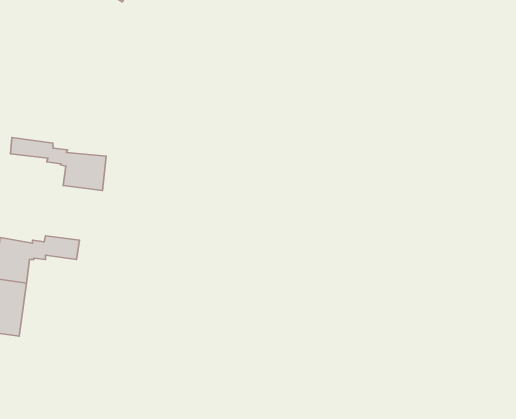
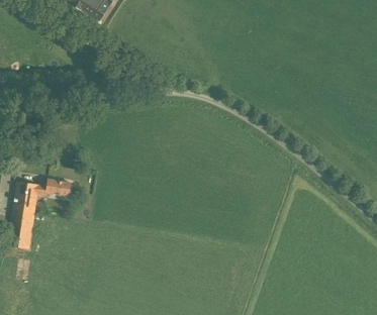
building: [10,138,106,191] -> none

